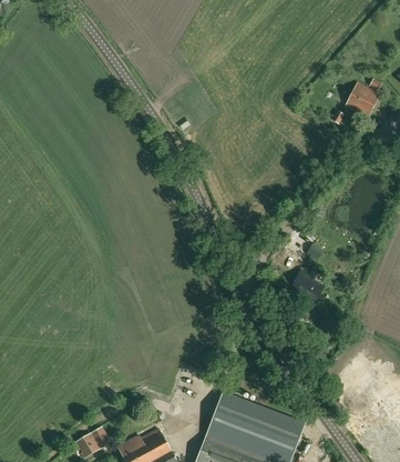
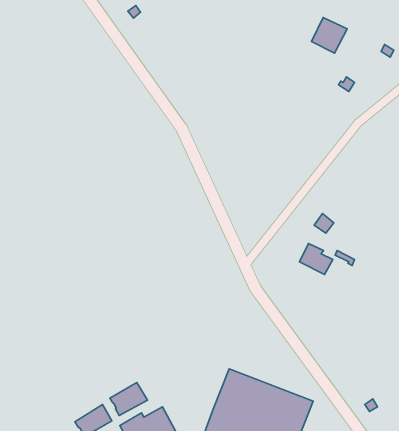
building: [345,81,379,116] -> [312,17,347,53]
building: none -> [110,382,147,415]

